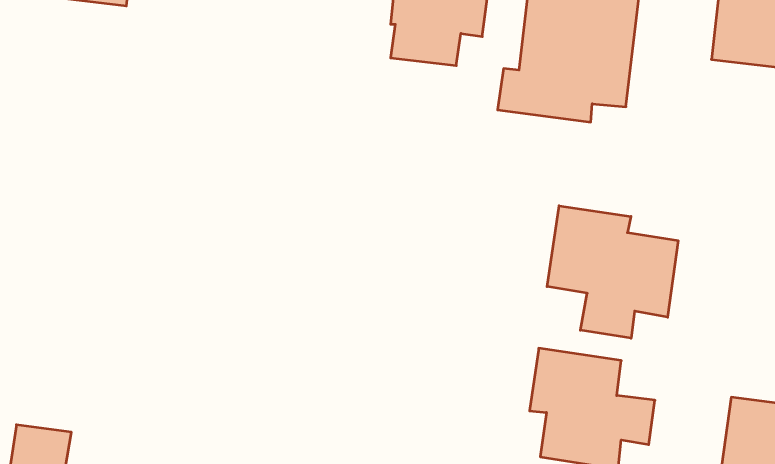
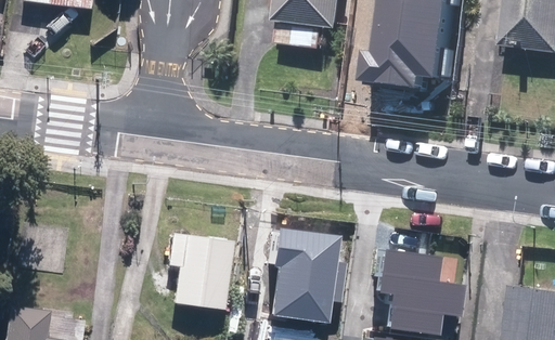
building: [547,206,678,338] -> none
building: none -> [272,227,347,324]
building: none -> [171,233,234,308]

